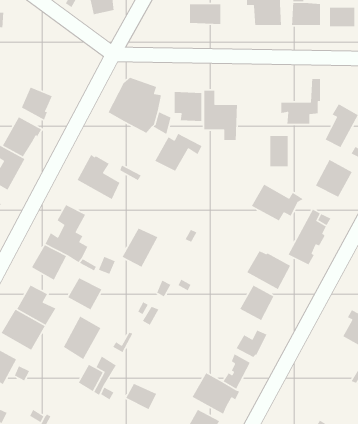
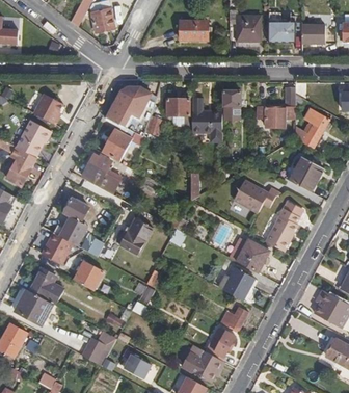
building: [154,133,203,172] -> [101,125,143,159]
building: [270,135,289,167] -> [222,91,239,120]
building: [63,316,102,360] -> none

